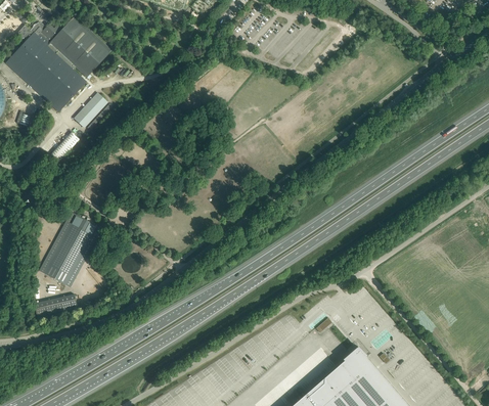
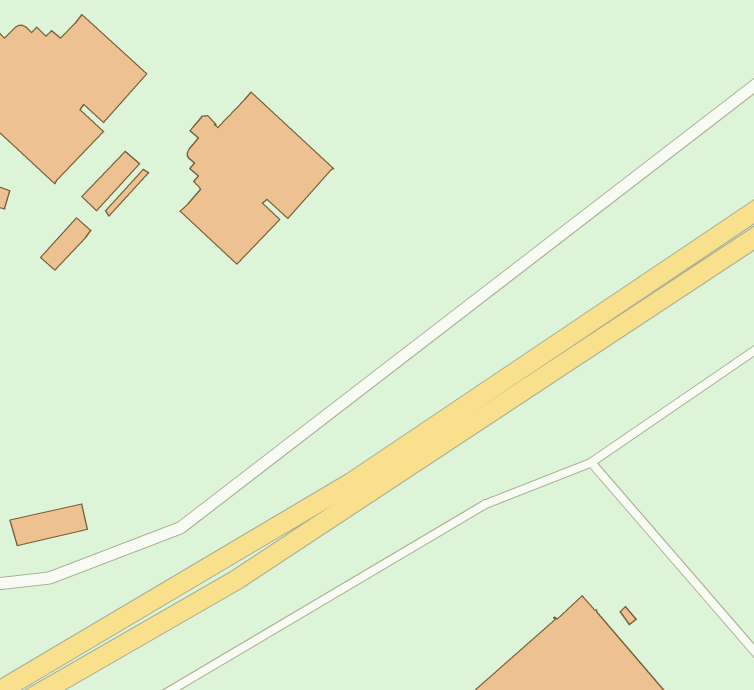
building: none -> [180,92,334,264]
building: [37,213,100,288] -> none

